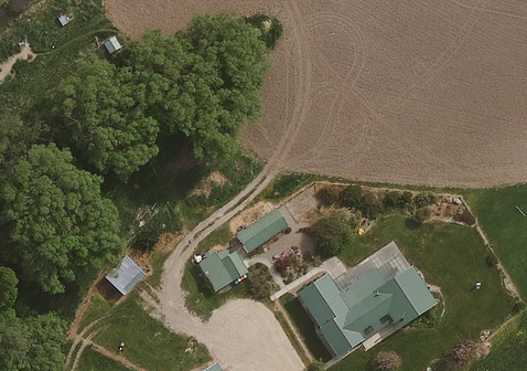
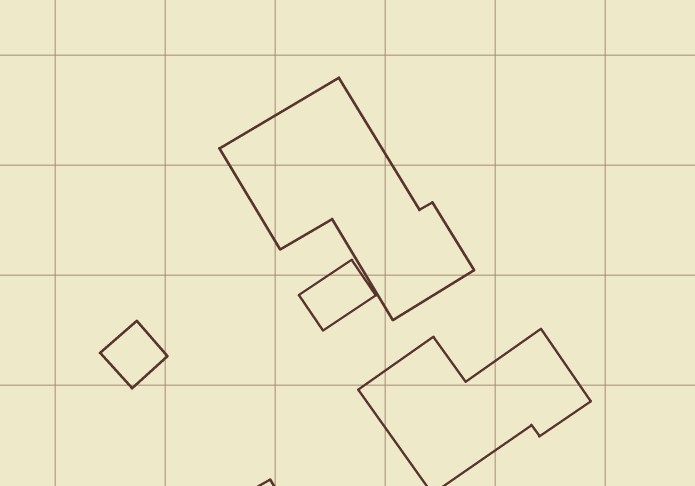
building: none -> [219,78,474,320]
building: [196,237,246,289] -> none

